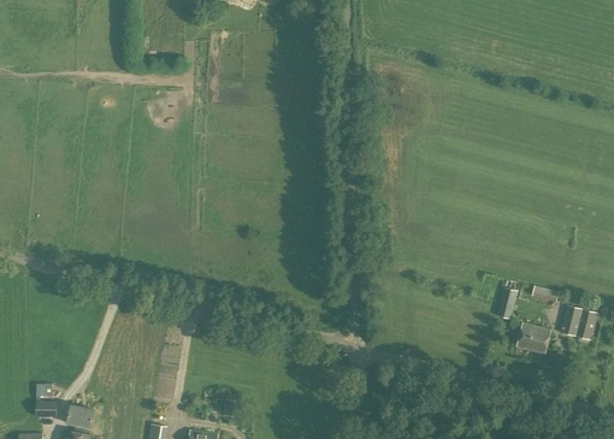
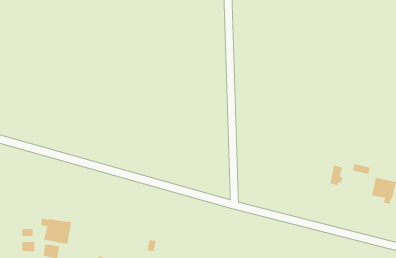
building: [515,322,549,354] -> none
building: none -> [41,218,72,245]

